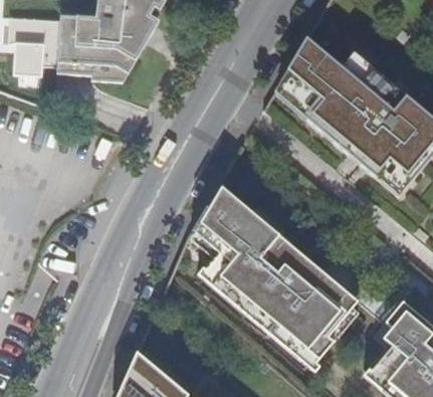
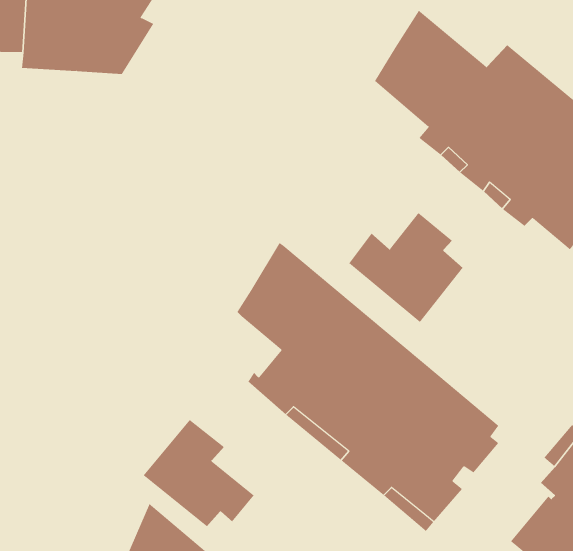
building: none -> [348,212,463,323]
building: none -> [143,419,255,527]

